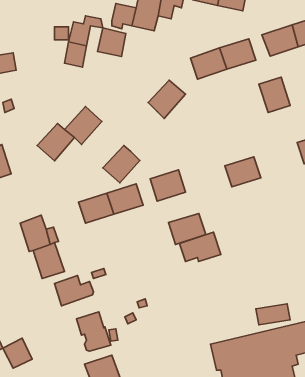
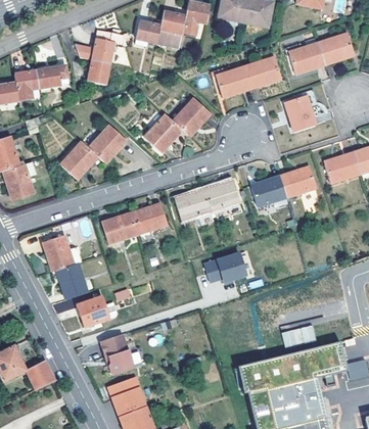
building: [97,28,126,57] -> none
building: none -> [36,65,68,88]
building: [103,146,140,183] -> [144,114,182,152]
building: none -> [280,165,317,197]
building: [169,213,206,245] -> [203,180,241,211]

